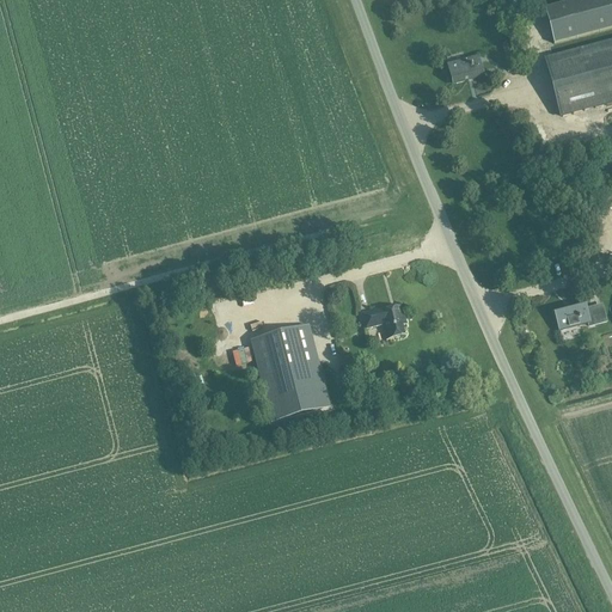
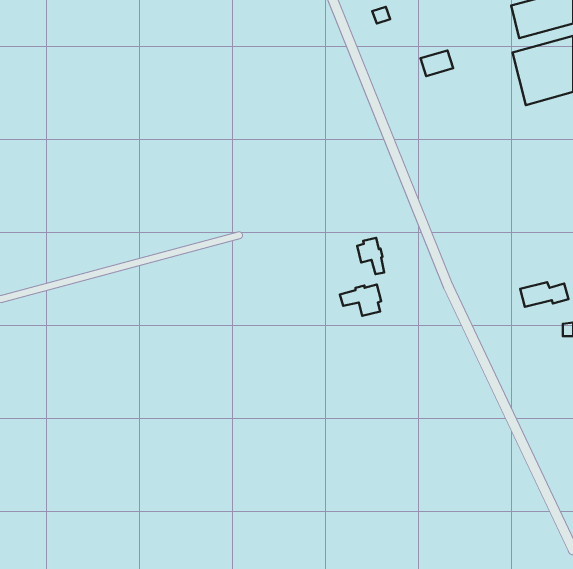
building: none -> [357,238,384,274]
building: [252,325,329,423] -> none

